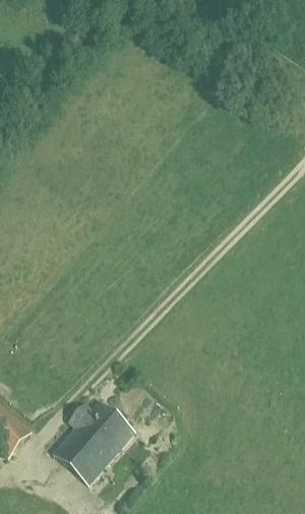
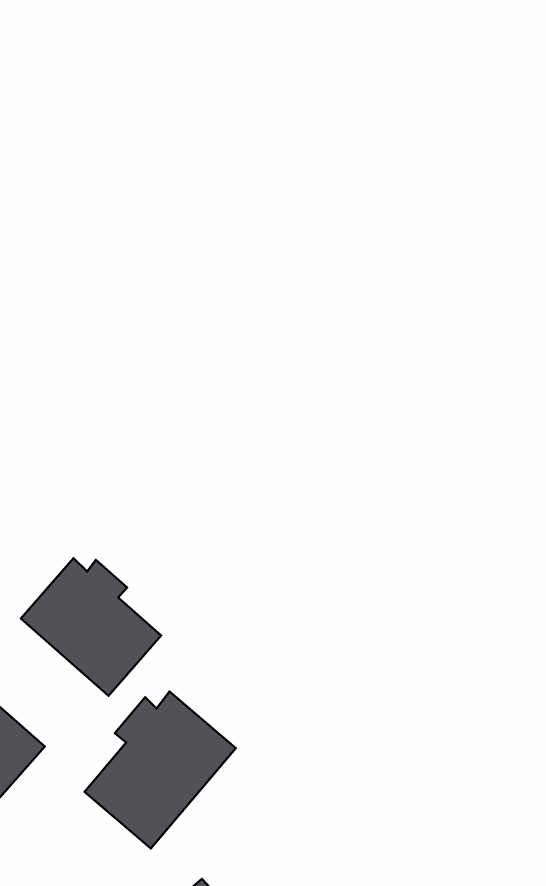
building: none -> [21,558,161,696]

